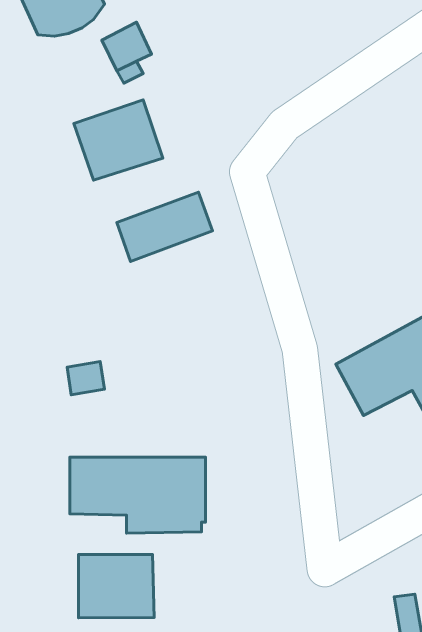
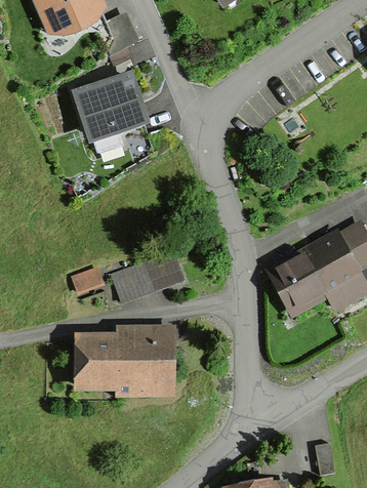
building: [117,192,212,261] -> [111,251,181,302]
building: [79,554,154,618] -> none

